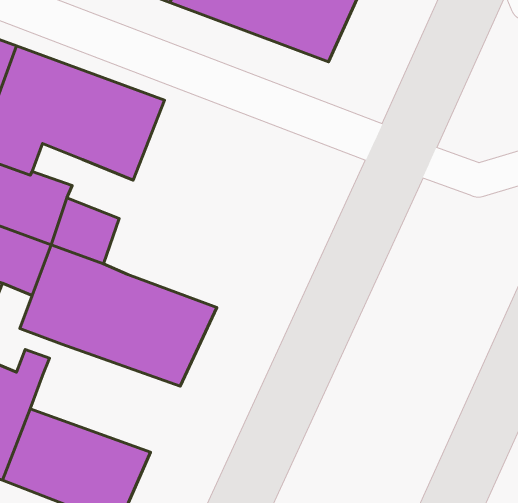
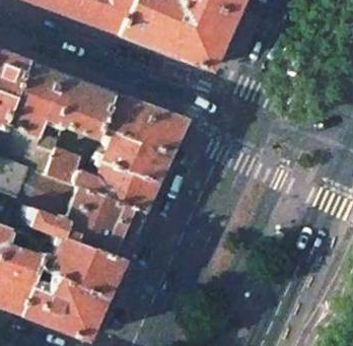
building: none -> [93,93,188,214]
building: none -> [37,235,124,298]

